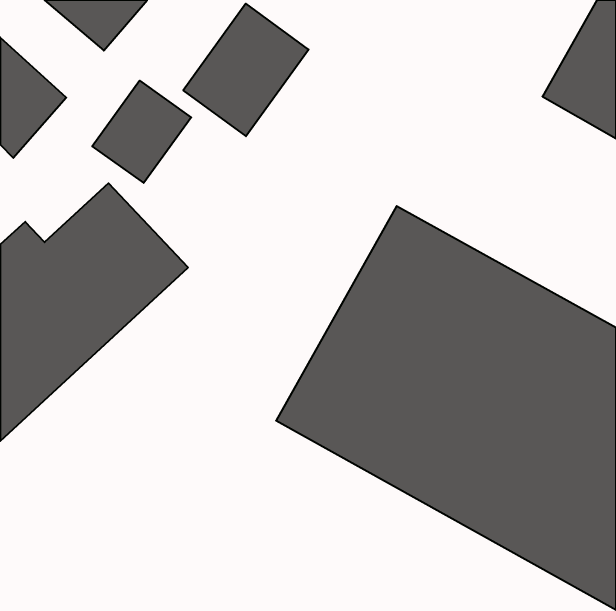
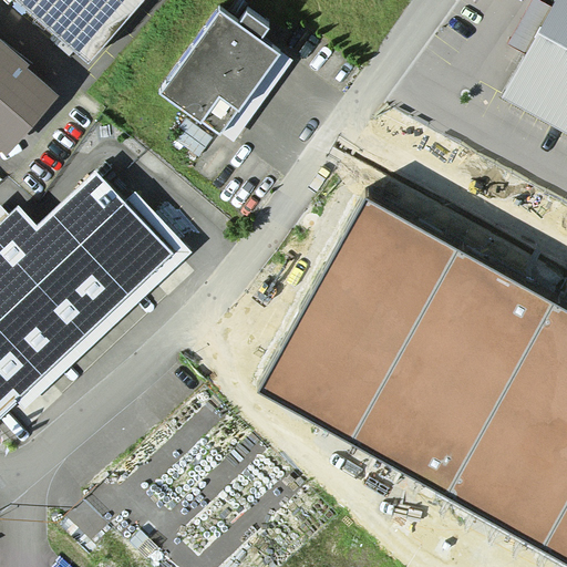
building: [92,81,191,183] -> none

